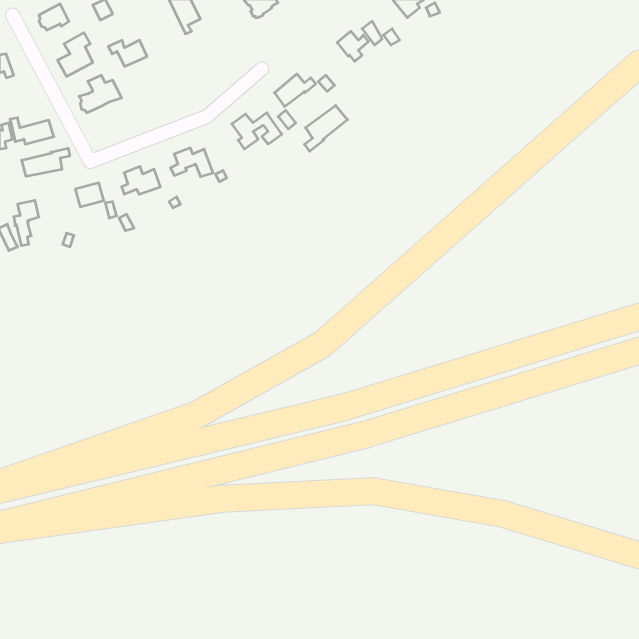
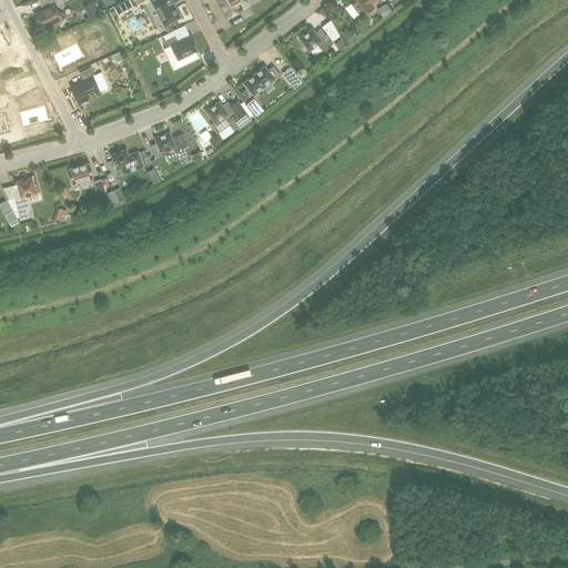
building: [108,40,147,66] -> [162,34,196,58]
building: [304,105,348,151] -> none
building: [22,148,70,176] -> none

